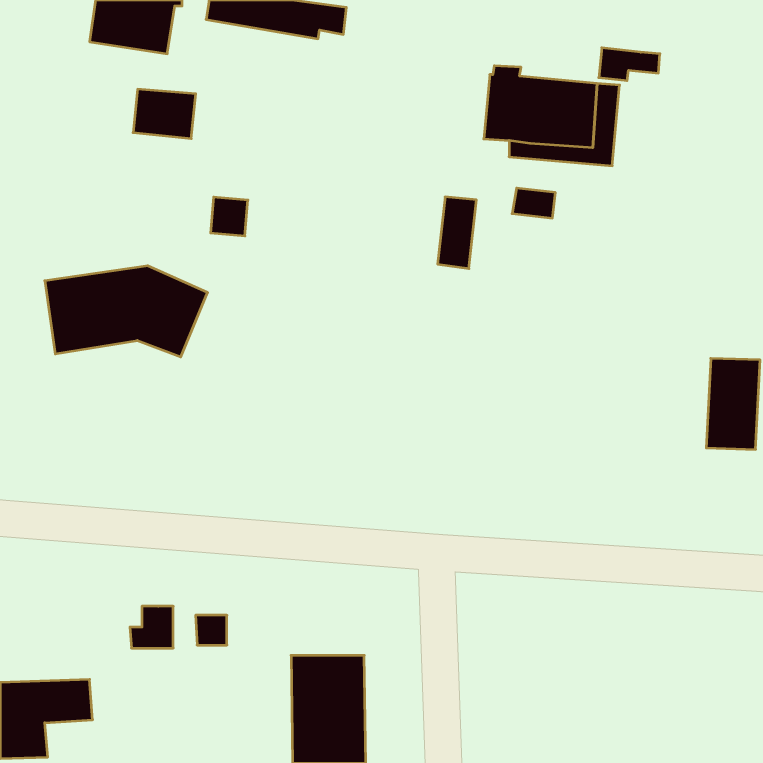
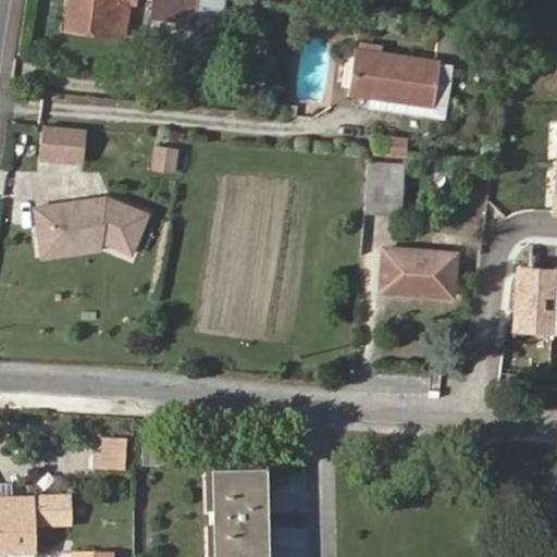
building: [133,89,196,139] -> [38,126,84,162]
building: [438,197,476,269] -> [363,163,392,215]
building: none -> [380,246,455,297]

